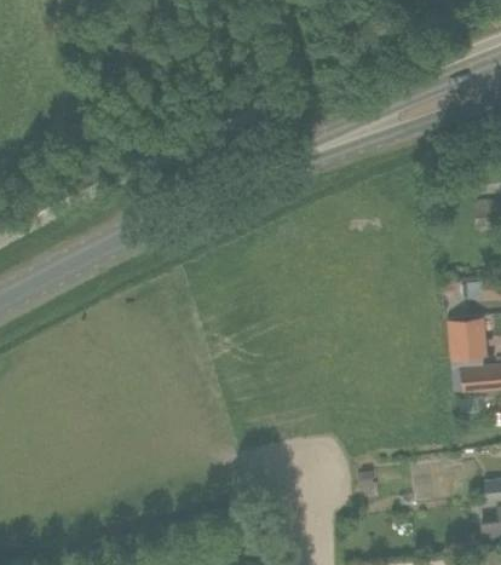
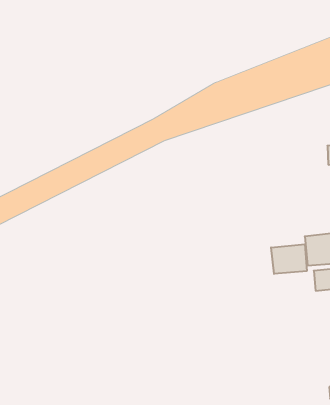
building: none -> [271,244,307,274]

